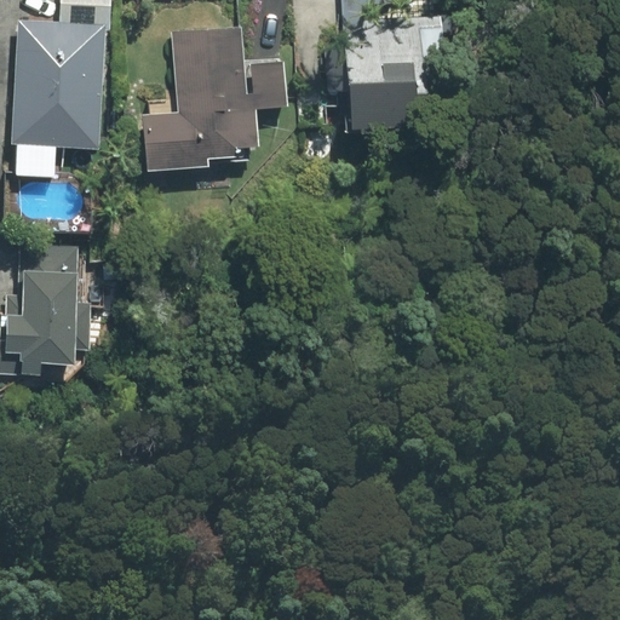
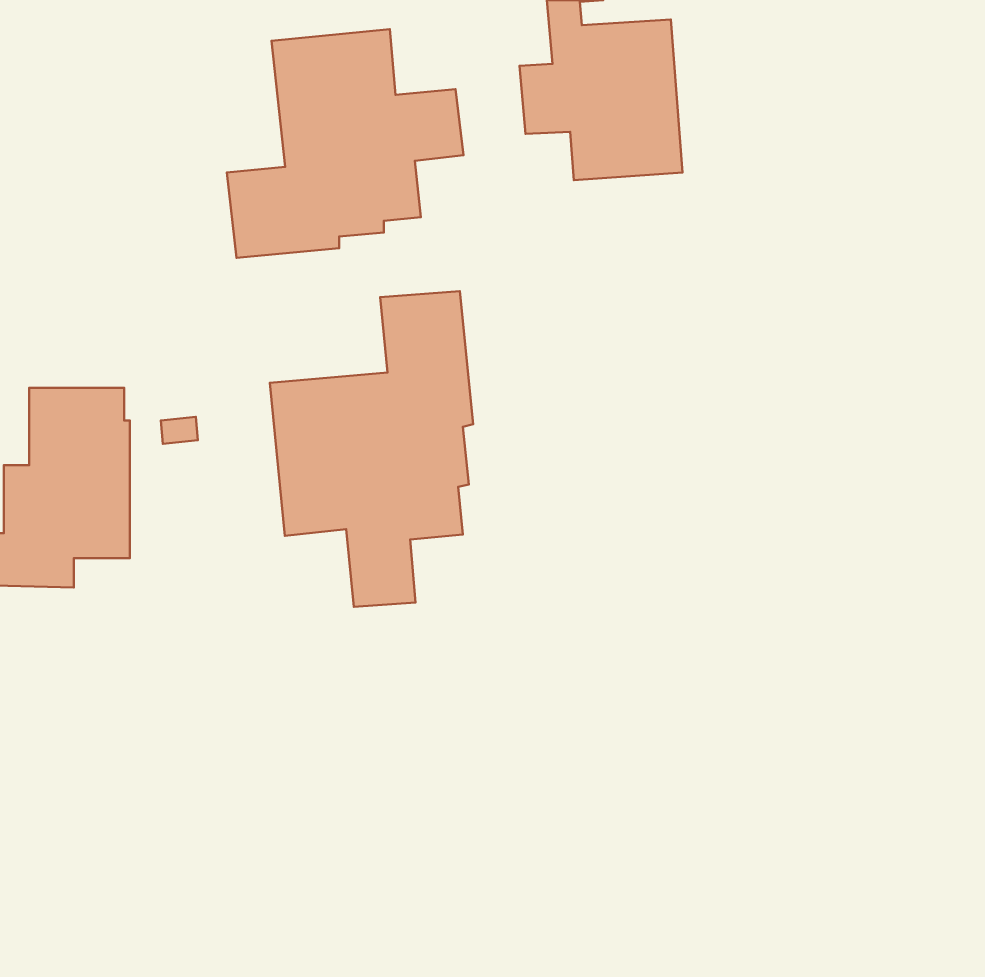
building: [12,24,107,149] -> none
building: none -> [270,291,473,607]

